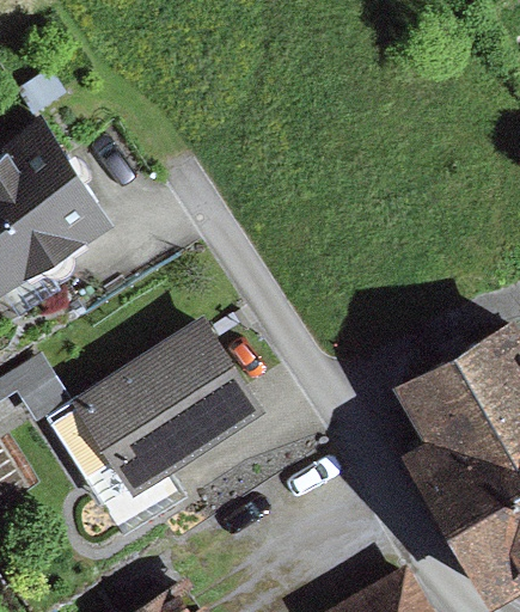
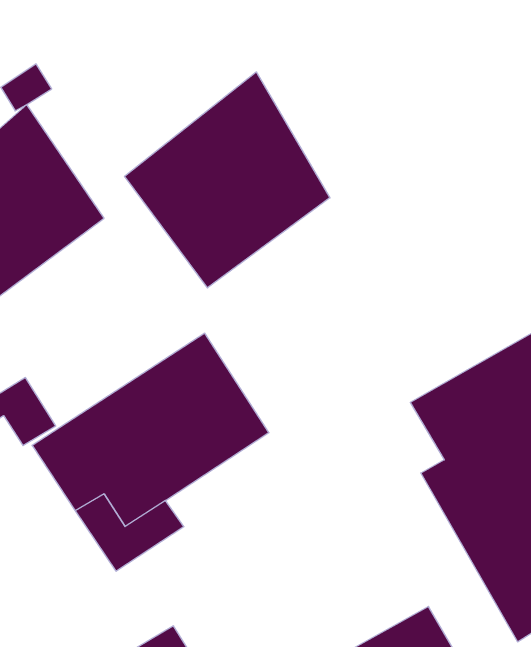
building: none -> [125,72,330,288]

